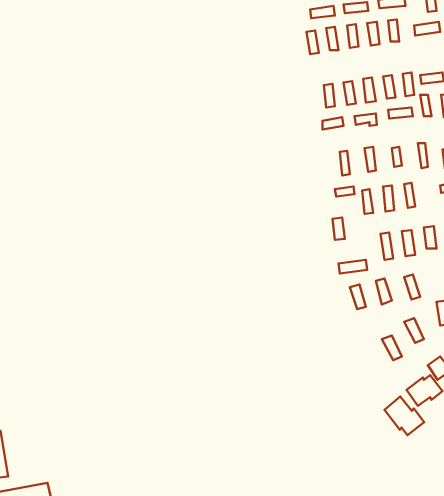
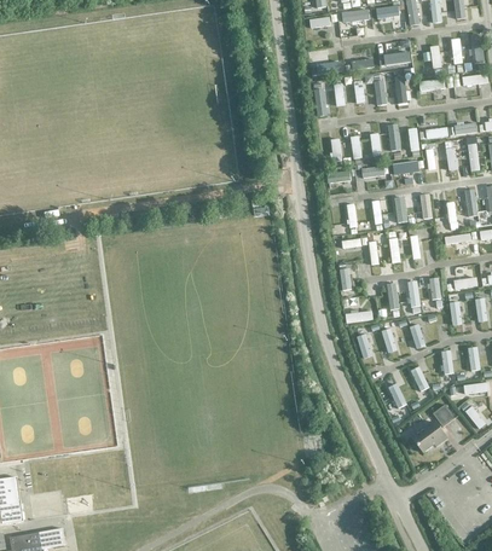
building: [385,396,424,435] -> none

